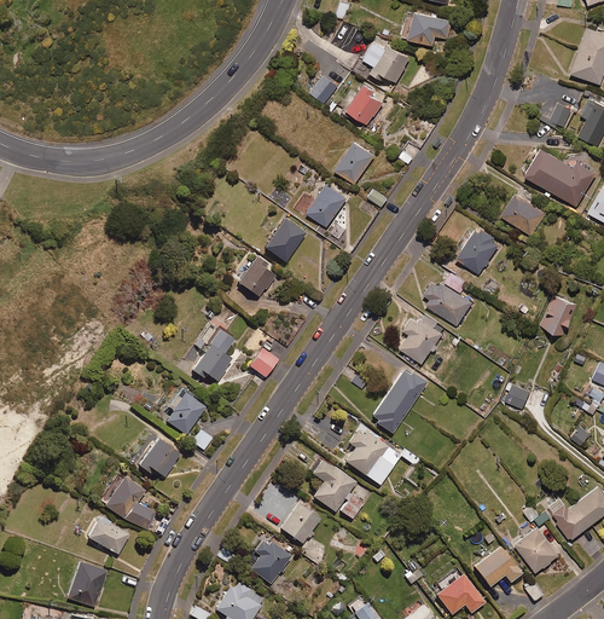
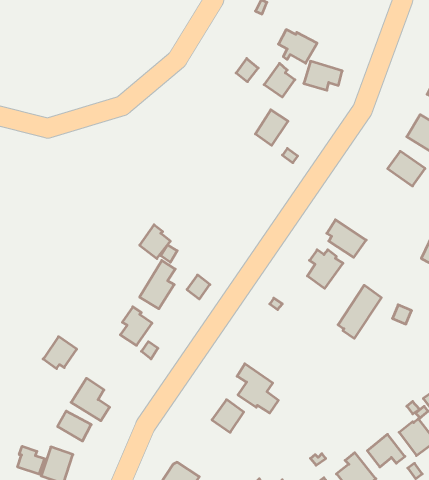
building: [403,10,452,46] -> [304,61,342,90]
building: [304,183,347,227] -> none
building: [263,219,304,262] -> none
building: [455,226,499,274] -> none
building: [237,256,275,299] -> [140,225,170,259]
building: [371,368,425,434] -> [338,285,381,338]
building: [344,427,400,486] -> none
building: [137,439,179,479] -> [43,337,77,369]
building: [250,537,290,584] -> none
building: none -> [18,446,45,474]

